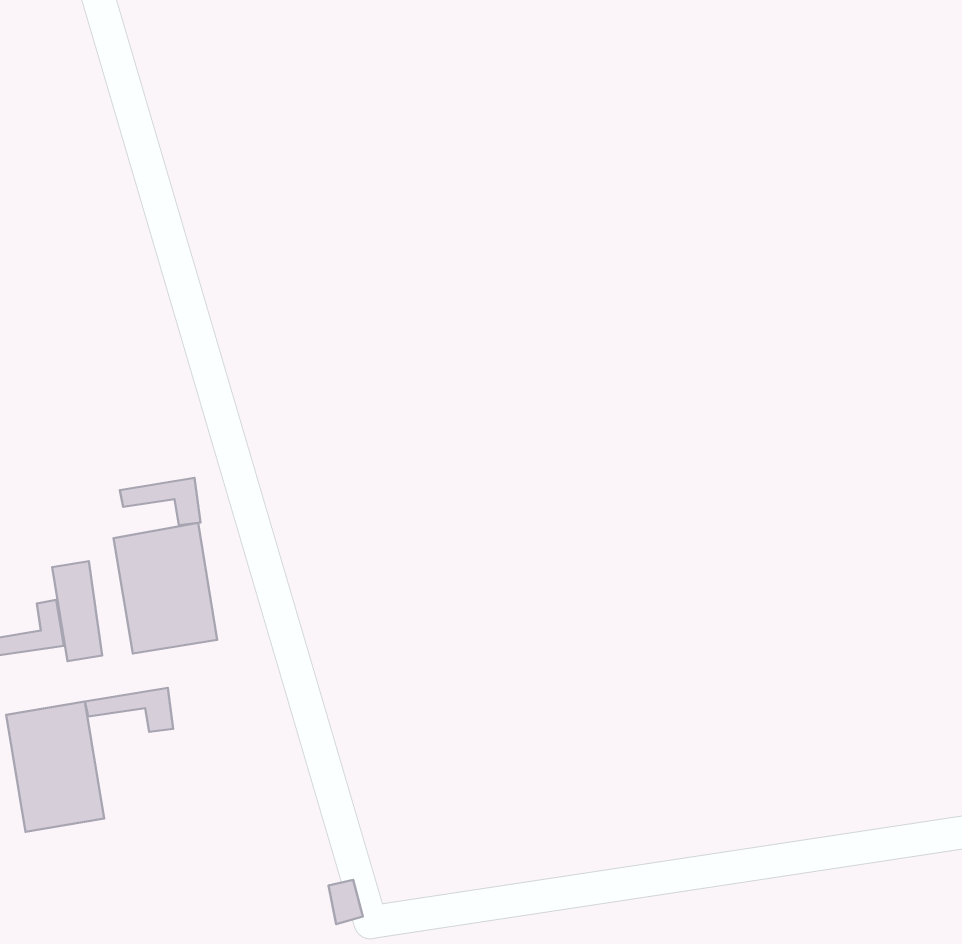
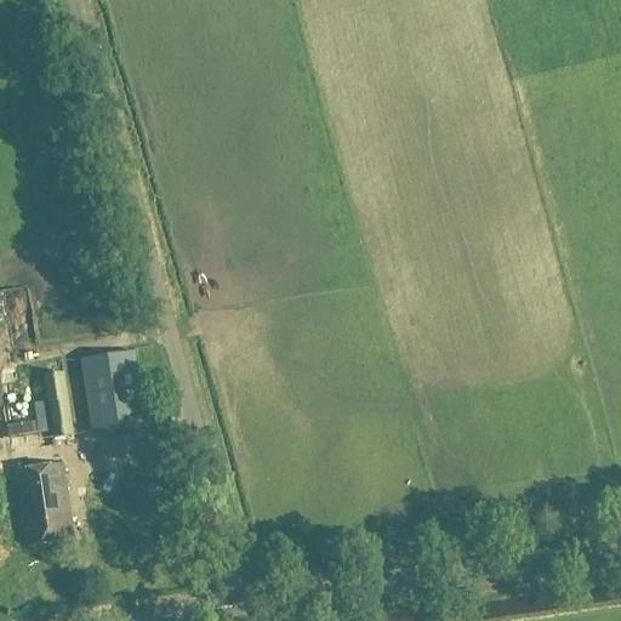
building: [120,478,201,525] -> none
building: [85,688,173,732] -> none

